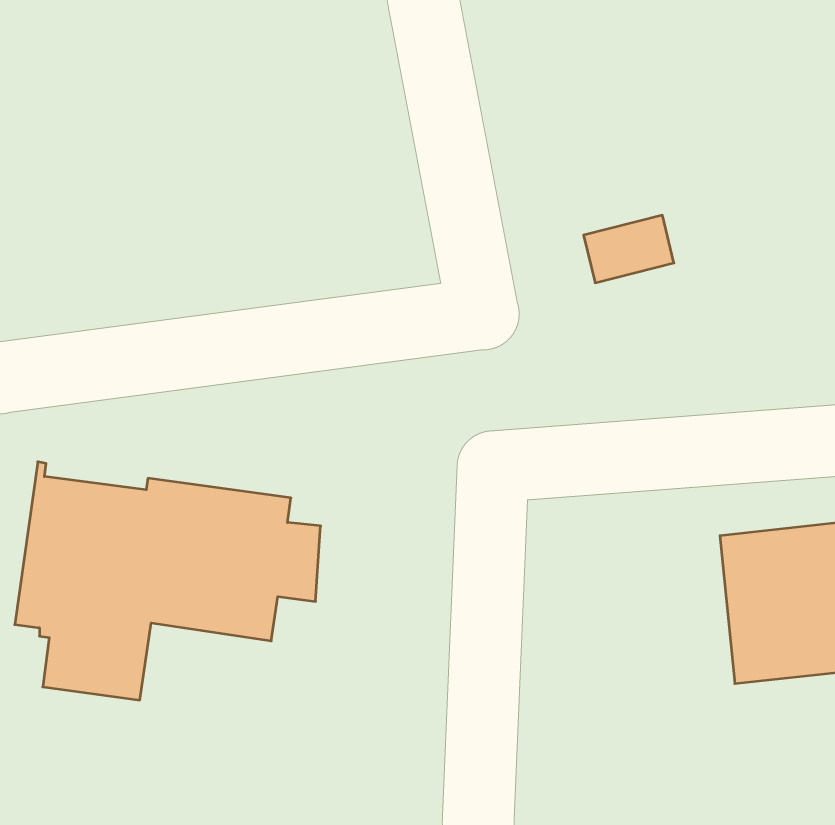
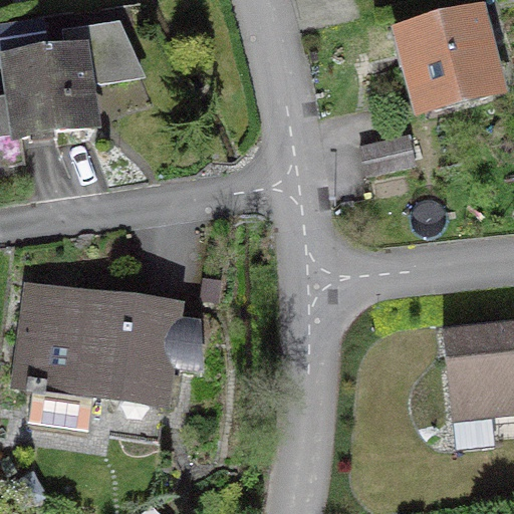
building: none -> [397,15,494,102]
building: none -> [9,22,140,132]

